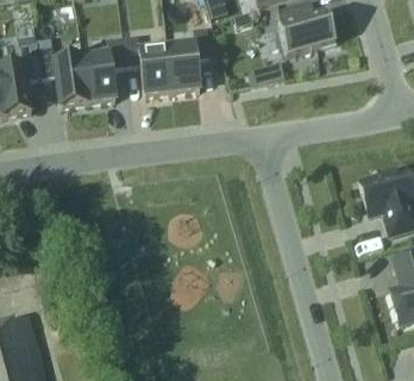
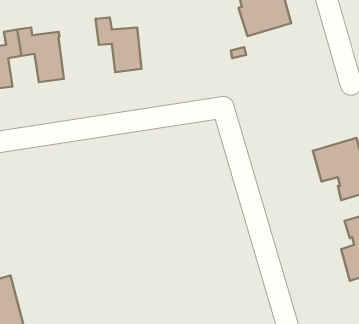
building: [167,26,209,90] -> none
building: [81,36,125,101] -> none

